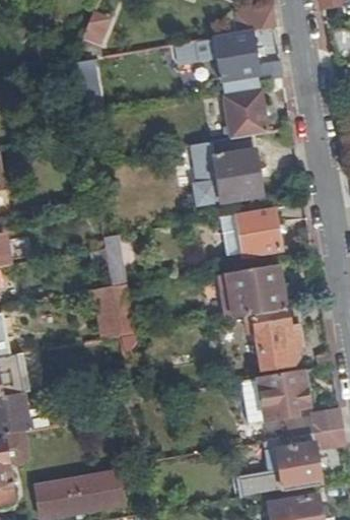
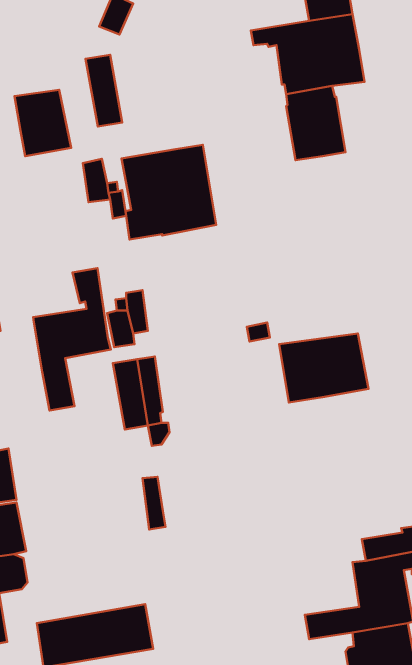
building: none -> [15,90,71,156]
building: [191,134,262,205] -> [122,145,216,240]
building: [235,207,281,256] -> none
building: none -> [33,268,111,411]
building: [252,308,301,370] -> none
building: [258,371,311,419] -> none

